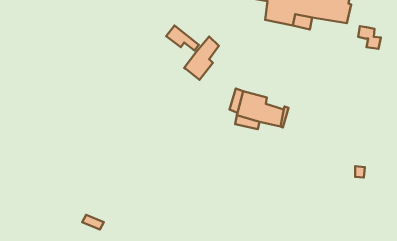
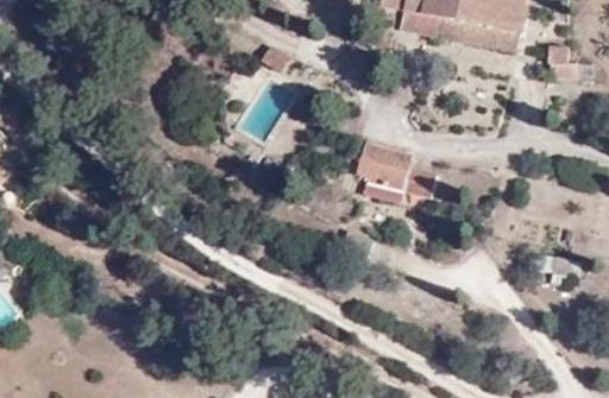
building: [184,37,219,80] -> none

